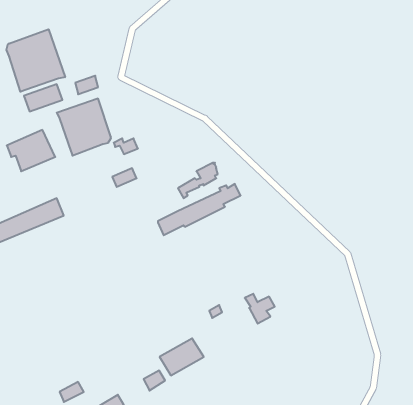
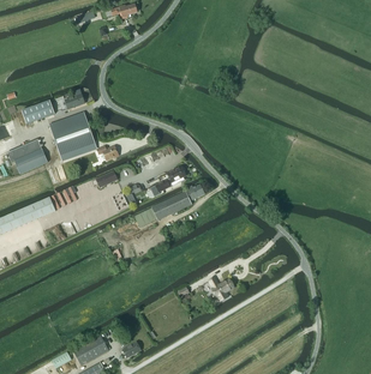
building: [6,29,65,92] -> none
building: [160,338,204,375] -> [72,334,109,366]

